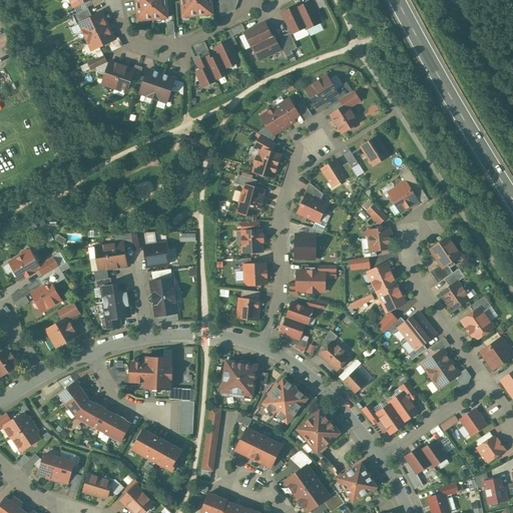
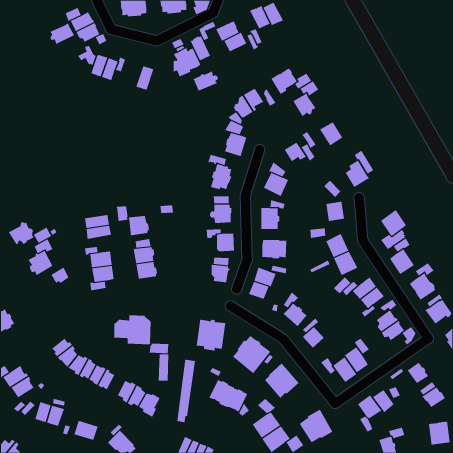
building: none -> [49,22,75,45]
building: [139,69,161,98] -> none
building: none -> [193,70,219,92]
building: [46,319,76,347] -> none

